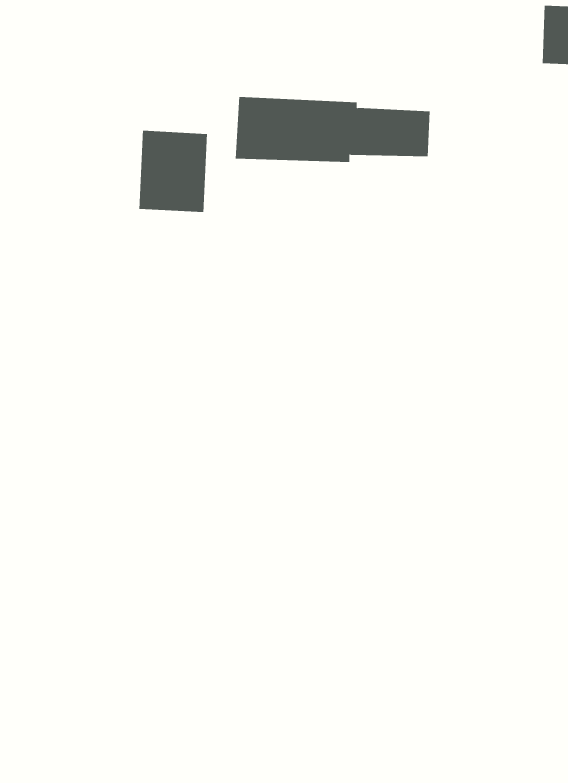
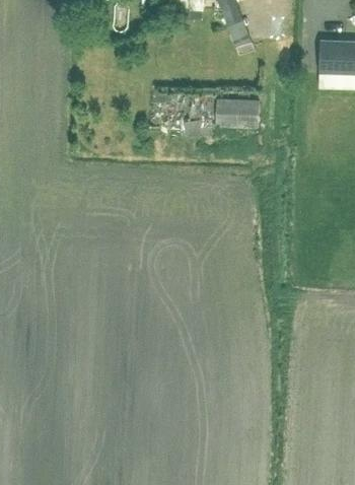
building: [139,130,207,213] -> none

